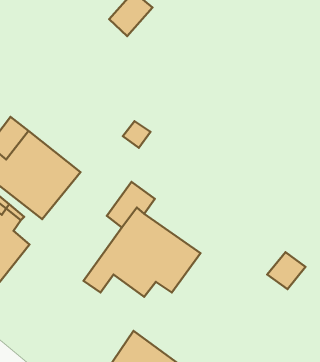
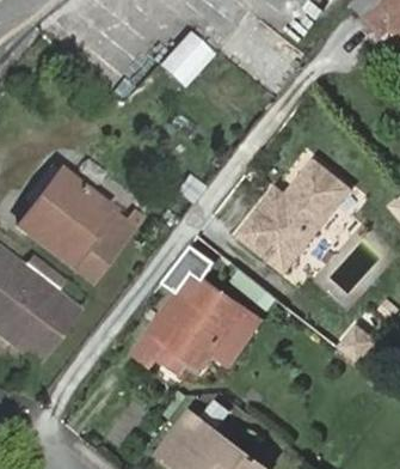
building: none -> [236,156,349,269]

